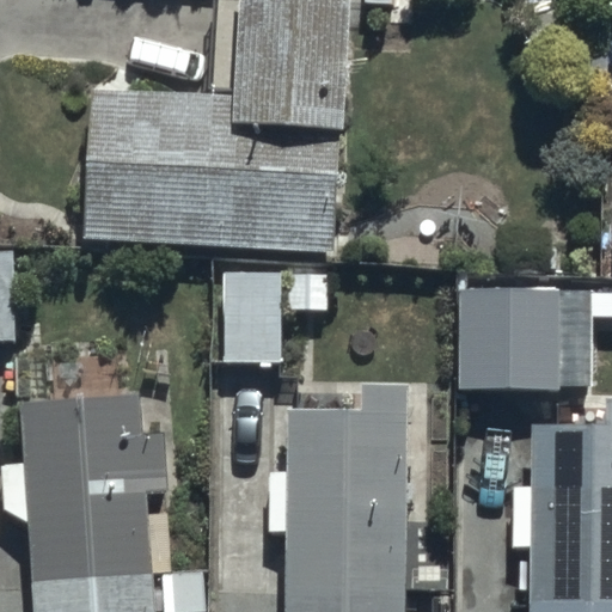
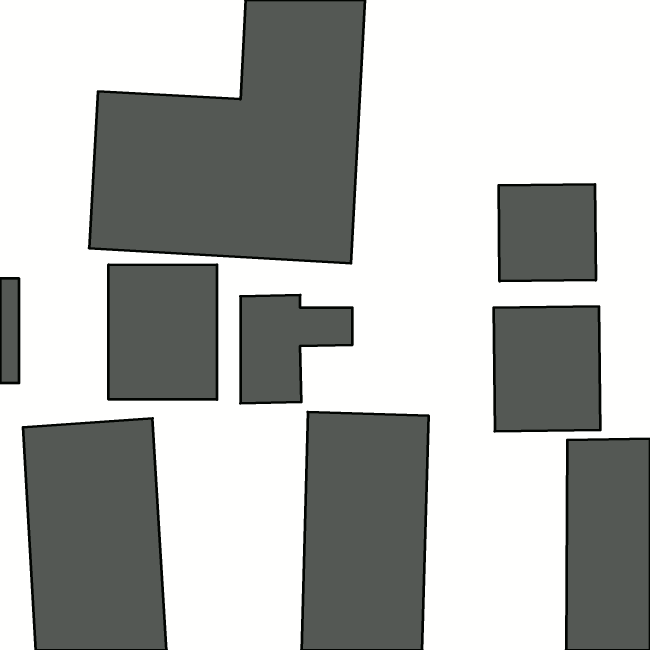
building: none -> [499,184,596,281]
building: none -> [109,265,217,400]

